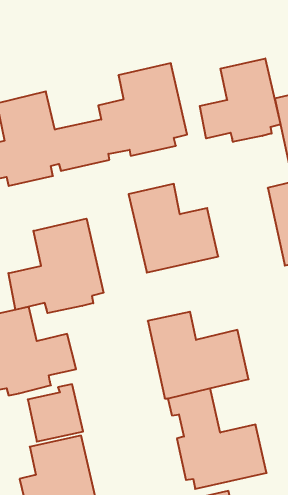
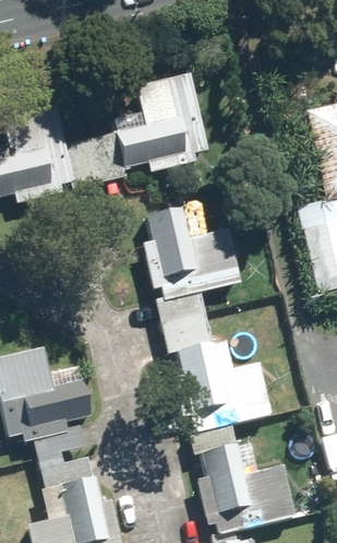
building: [200,58,280,142] -> none
building: [8,219,104,313] -> none
building: none -> [156,294,213,353]

